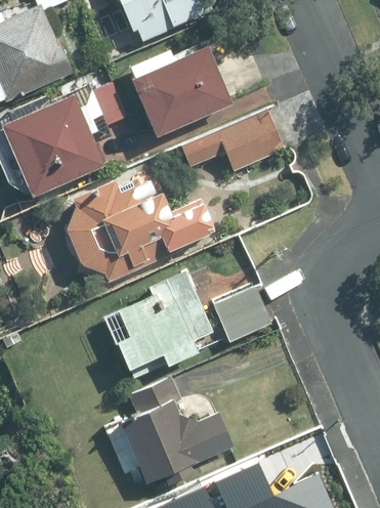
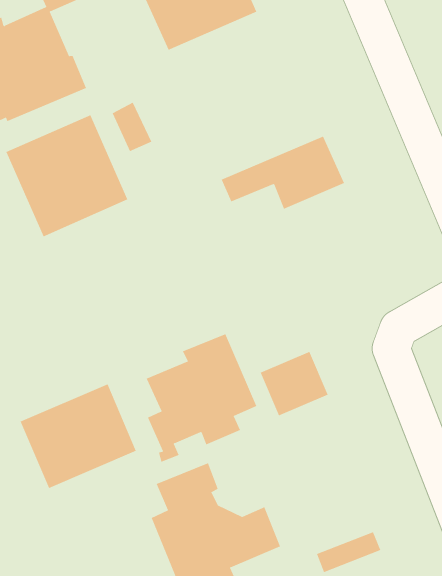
building: [131,47,233,134] -> none
building: [66,179,181,280] -> none
building: none -> [20,384,137,489]

